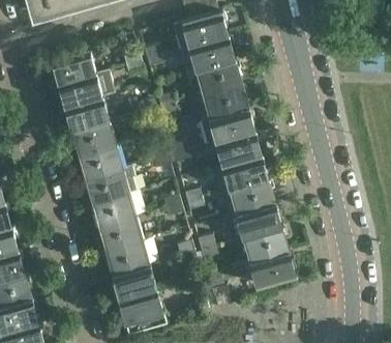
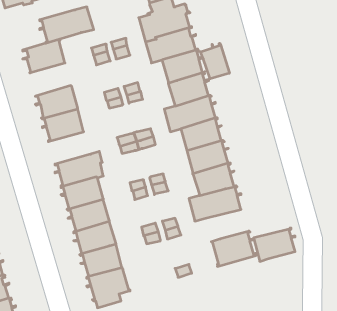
building: none -> [201,43,229,79]
building: [59,75,116,113] -> [40,7,94,43]
building: [79,150,123,184] -> none
building: [244,231,288,266] -> [254,228,295,261]

